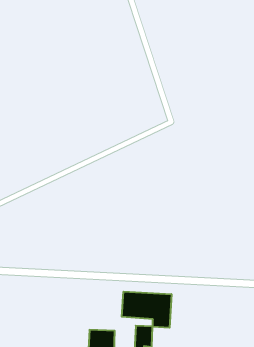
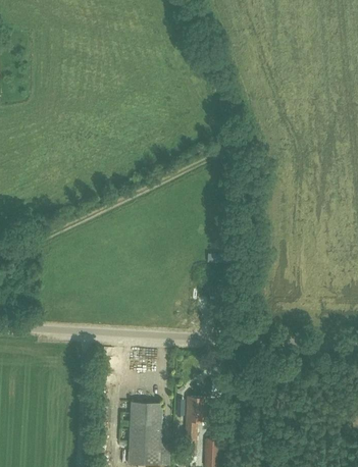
building: [122,292,171,328] -> none

